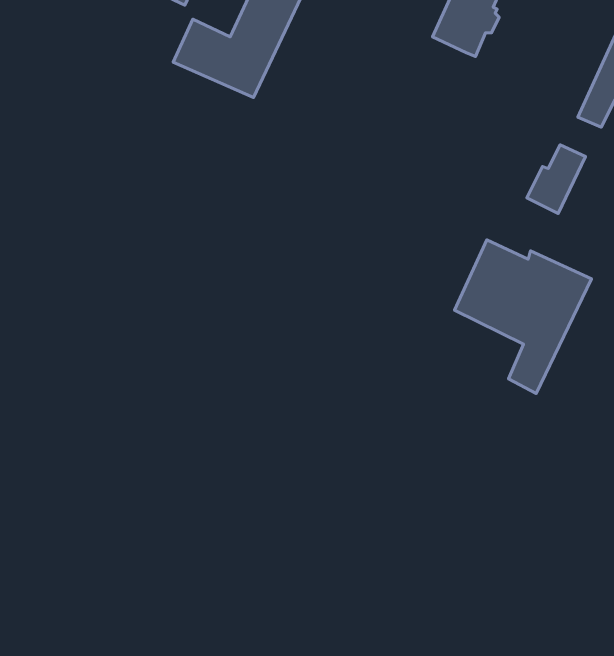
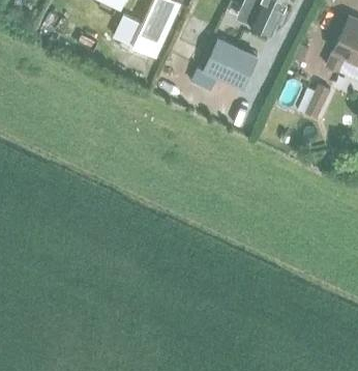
building: none -> [204,39,256,87]
building: [455,240,592,393] -> none

